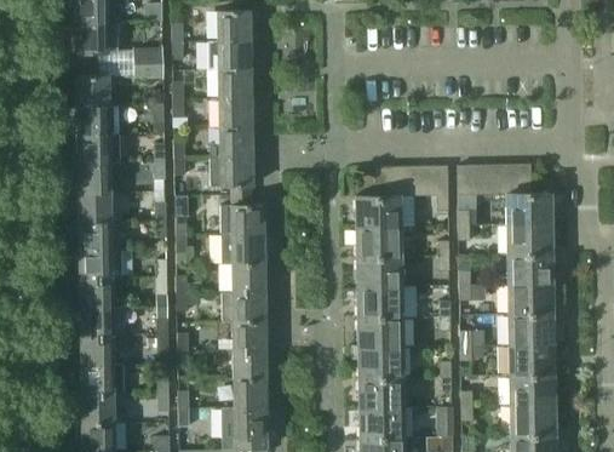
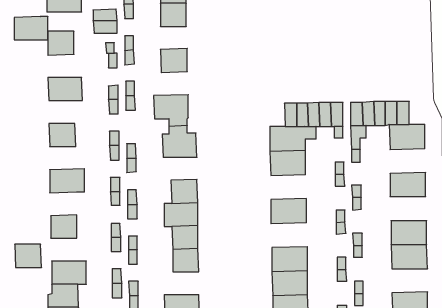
building: [218,70,252,99] -> none
building: [76,105,119,135] -> [14,17,48,40]
building: [210,127,253,158] -> none
building: [78,164,120,193] -> none
building: [79,221,122,251] -> none
building: [507,224,552,256] -> none
building: [222,235,264,264] -> none
building: [357,257,402,288] -> none
building: [79,279,113,309] -> none
building: [507,285,553,315] -> none
building: [357,317,403,349] -> none
building: [80,337,114,366] -> [15,244,42,267]
building: [510,376,555,406] -> none
building: [234,379,266,408] -> none

